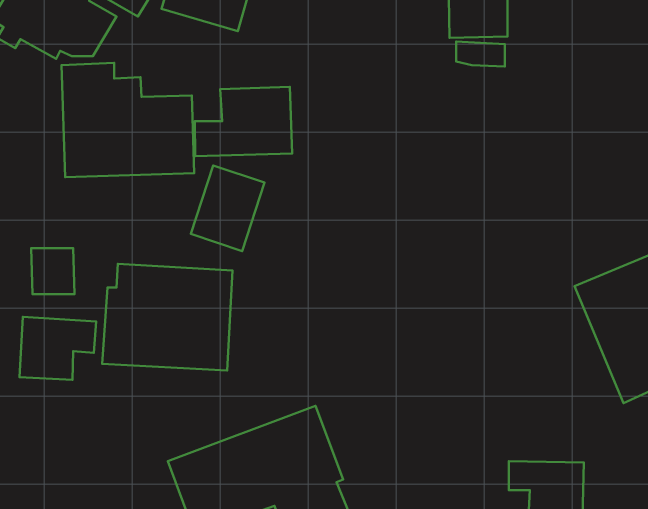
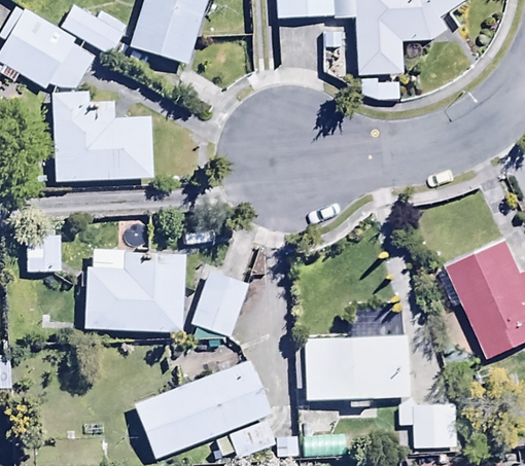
building: [195,87,292,156] -> none
building: [191,166,264,251] -> [190,270,248,336]
building: [20,317,96,380] -> none
building: none -> [295,336,415,406]

